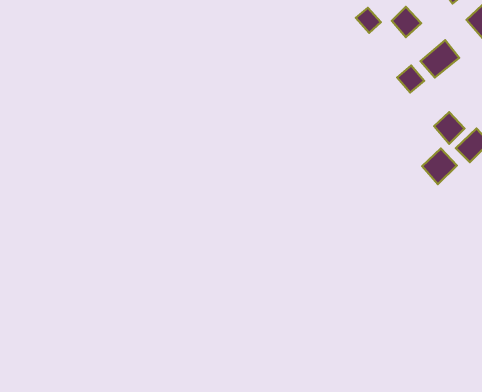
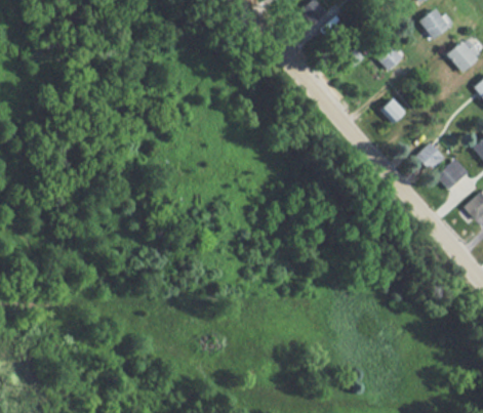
building: [421,40,459,78] -> none
building: [422,149,457,184] -> none

